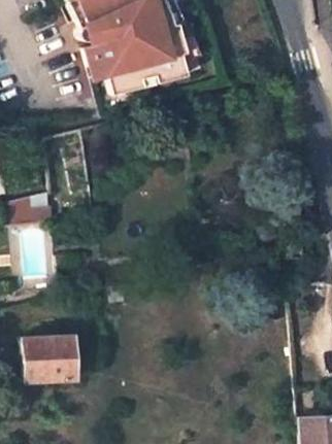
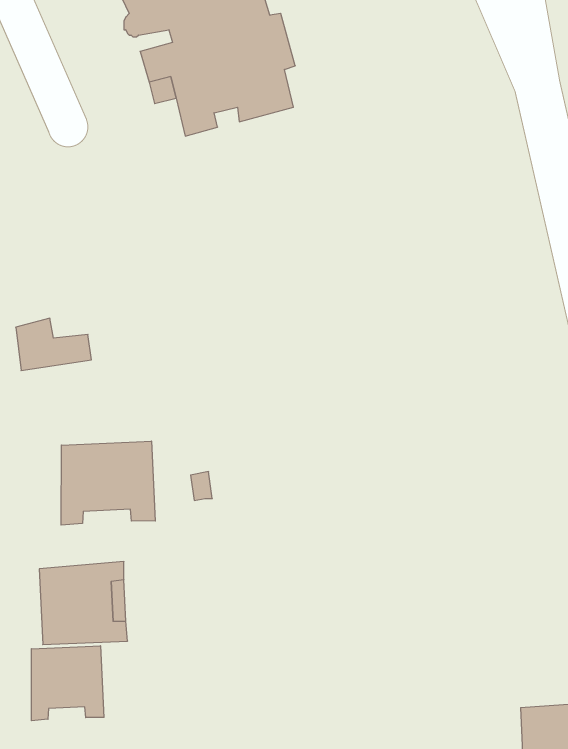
building: none -> [61,441,155,525]
building: none -> [31,646,104,721]

